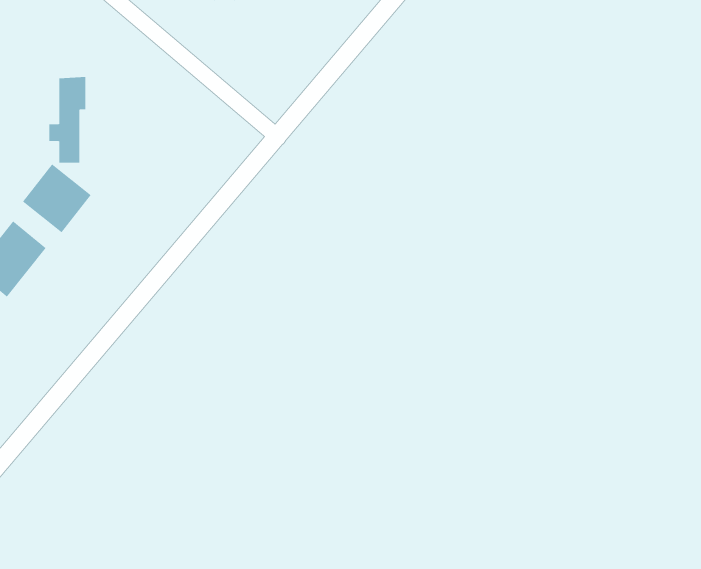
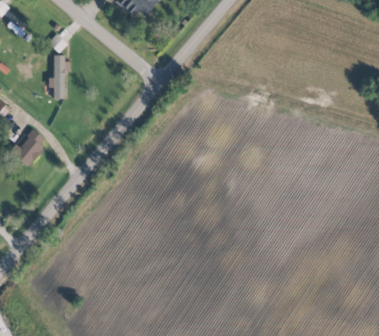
building: [22,164,92,233] -> none

